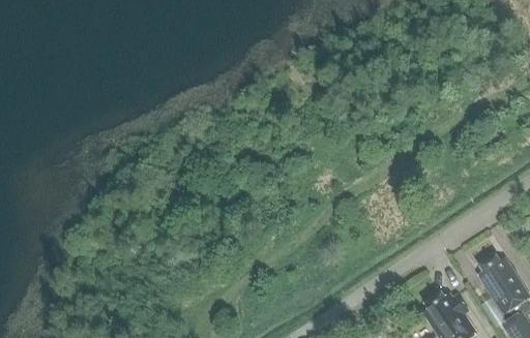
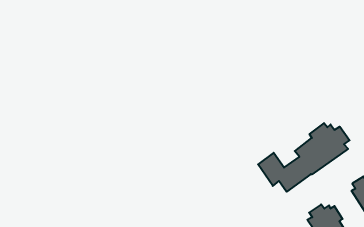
building: none -> [258,123,350,192]

